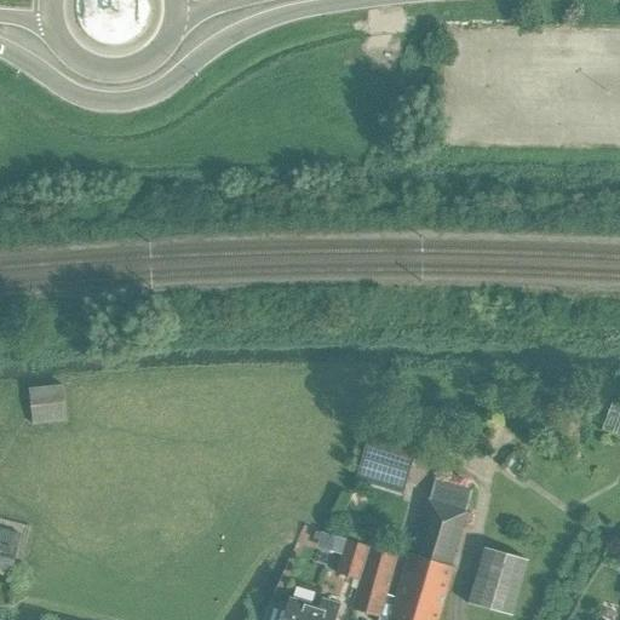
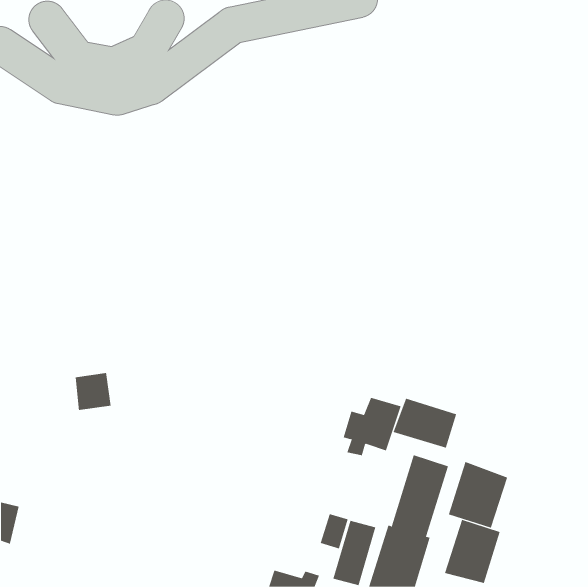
building: [28,384,67,424] -> [75,372,111,410]
building: none -> [393,398,457,449]
building: none -> [448,461,508,528]

